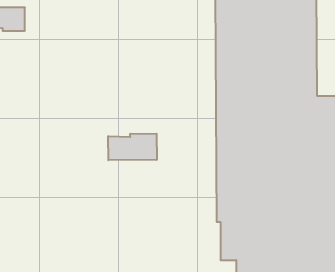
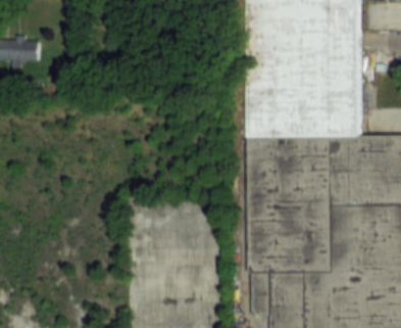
building: [108,134,157,160] -> none

